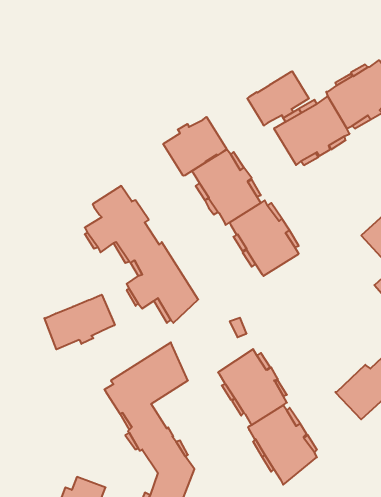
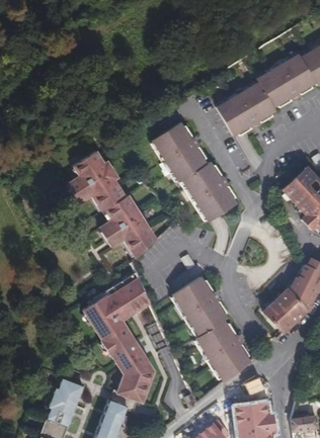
building: [247,71,309,126] -> none
building: [163,117,227,176] -> none
building: [44,295,115,349] -> none

